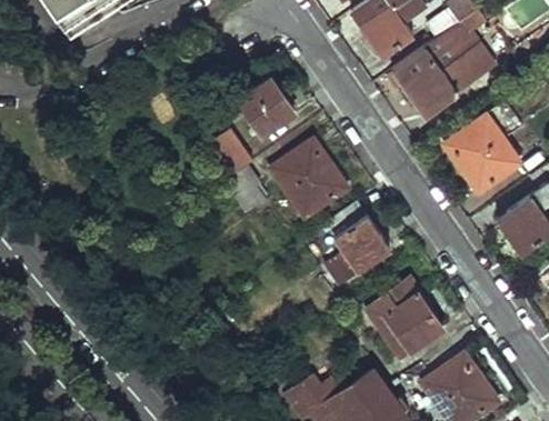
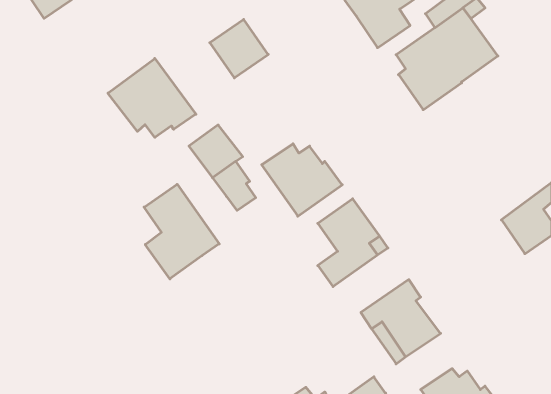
building: none -> [108,58,196,137]
building: [239,80,295,136] -> [210,19,268,78]
building: [456,103,523,193] -> none
building: none -> [144,184,219,279]

